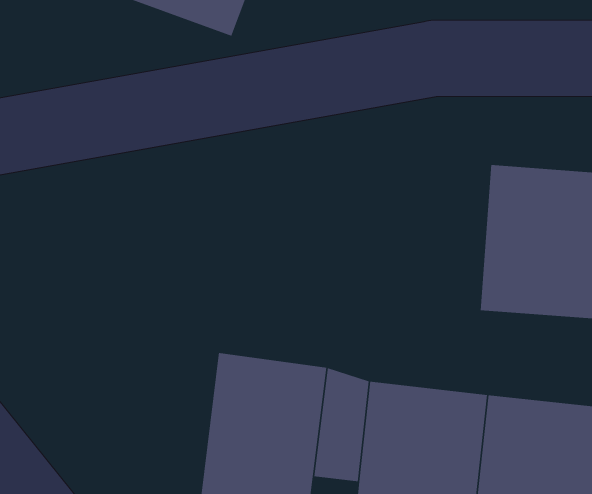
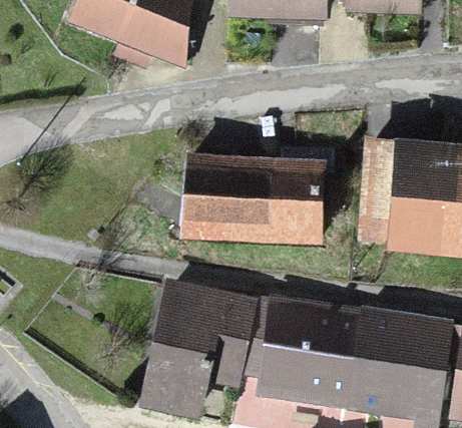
building: none -> [186,158,318,245]

